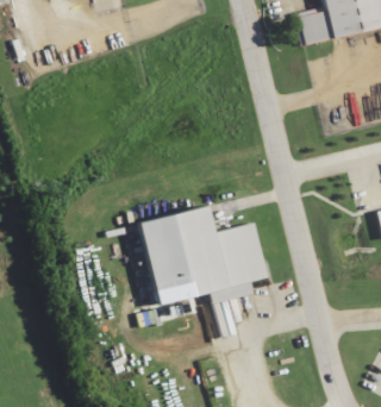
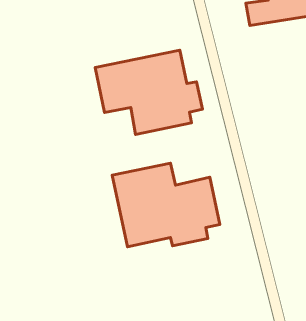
building: none -> [95,50,202,134]

